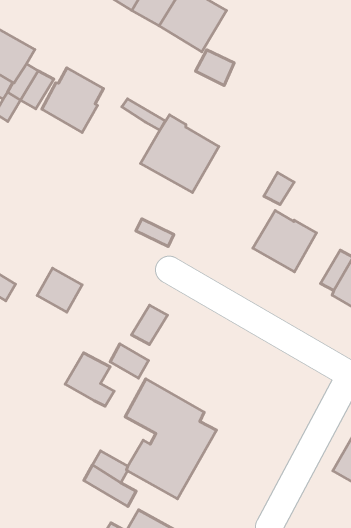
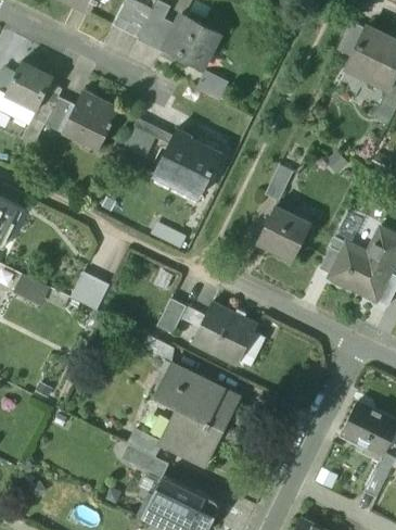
building: none -> [120,124,155,161]
building: none -> [191,301,256,365]
building: [65,353,114,406] -> none

